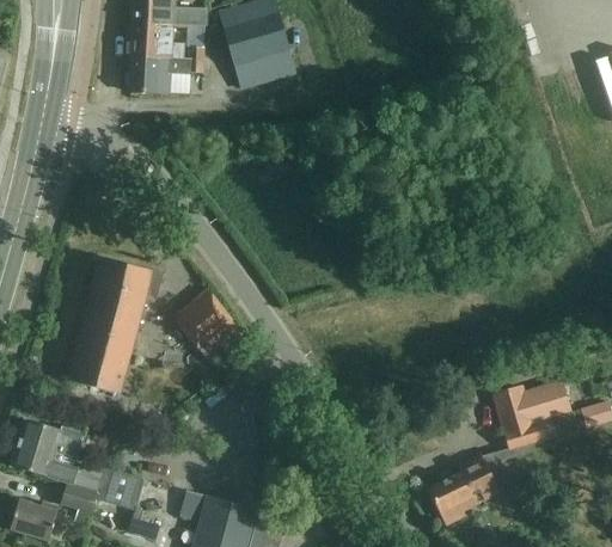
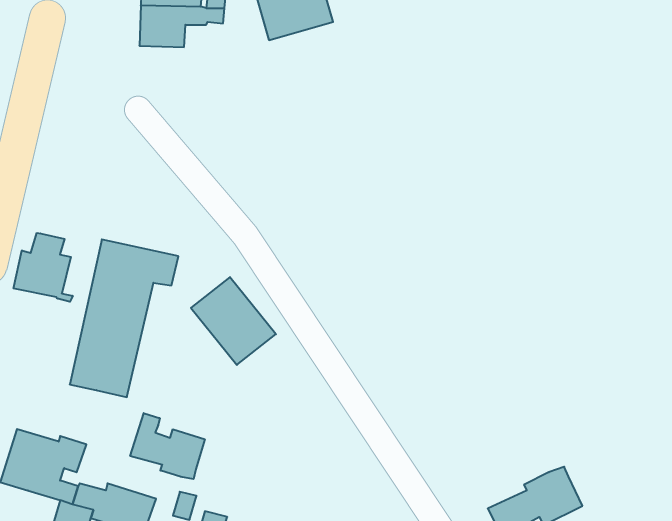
building: none -> [14,233,73,302]
building: [495,377,574,460] -> none
building: none -> [130,413,205,479]

